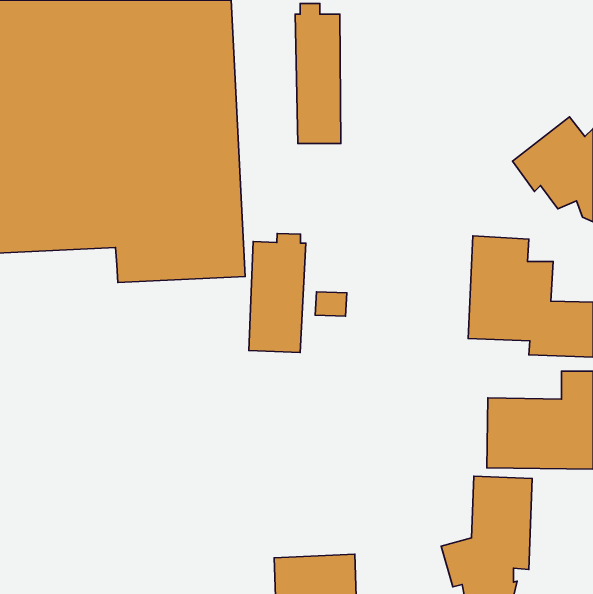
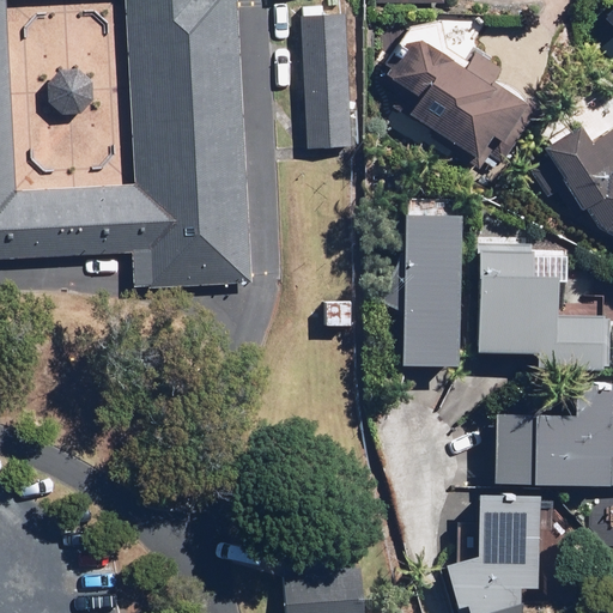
building: none -> [380,30,535,170]
building: none -> [372,210,465,363]
building: [249,234,306,352] -> none

